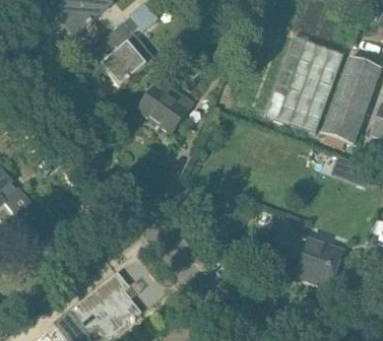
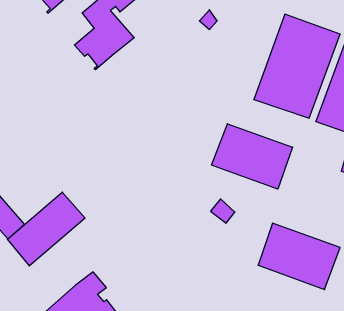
building: [137,79,187,132] -> none
building: none -> [212,124,293,189]
building: none -> [7,192,85,266]

